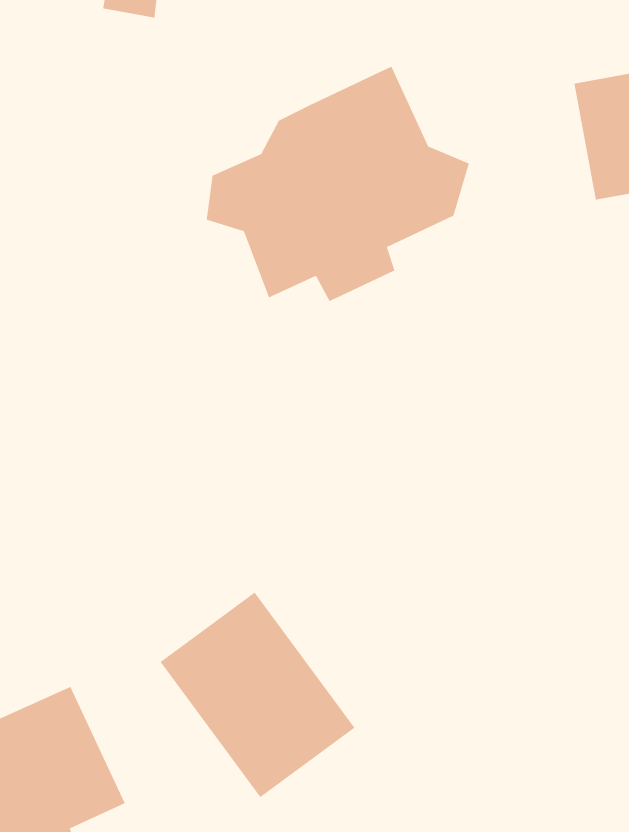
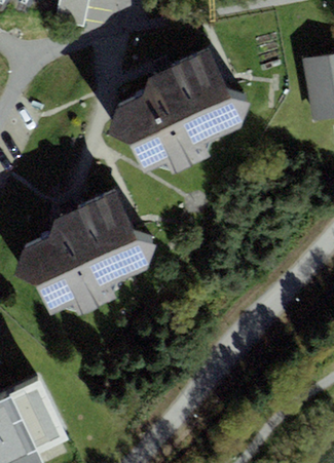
building: none -> [15,191,154,315]
building: [160,592,355,798] -> none

